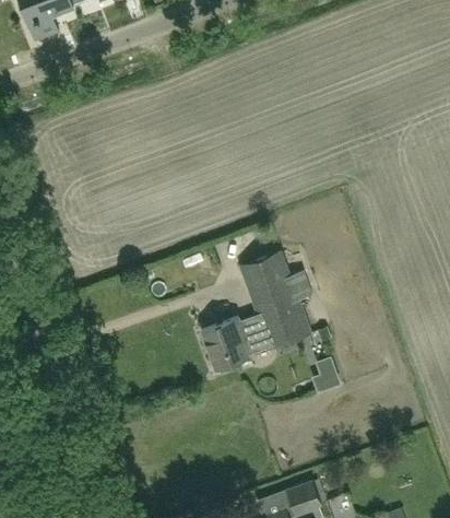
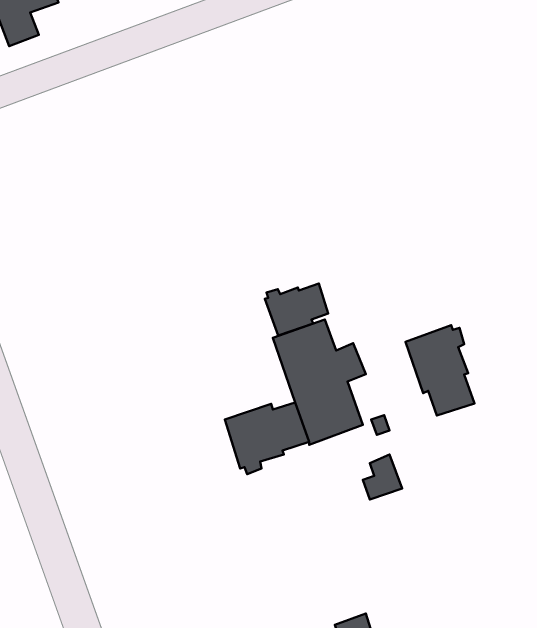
building: none -> [265,283,328,335]
building: none -> [406,325,475,415]

